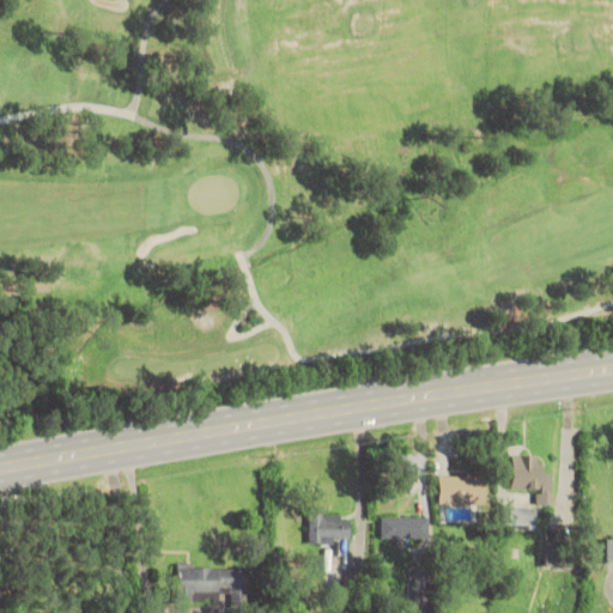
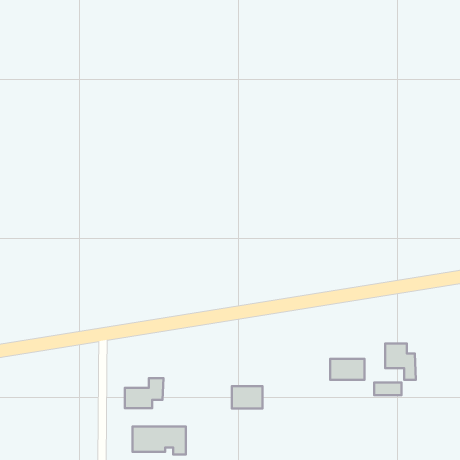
building: none -> [125,378,164,408]
building: [381,517,427,539] -> none

